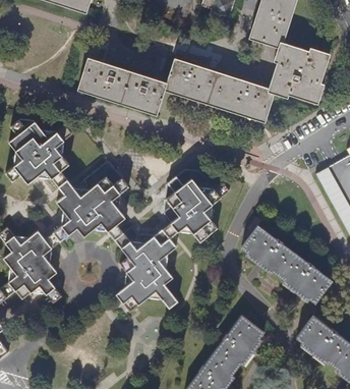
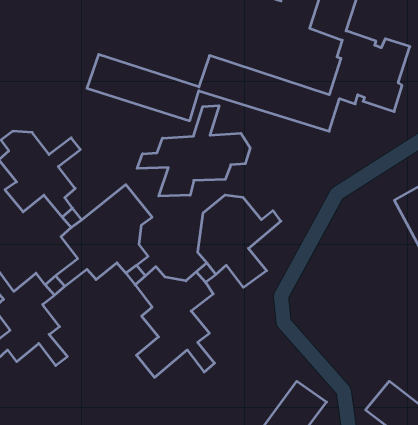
building: none -> [137,106,250,196]
building: [240,224,332,302] -> none

